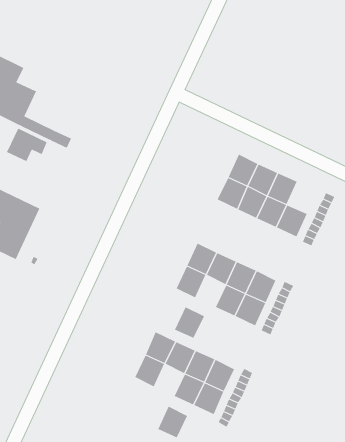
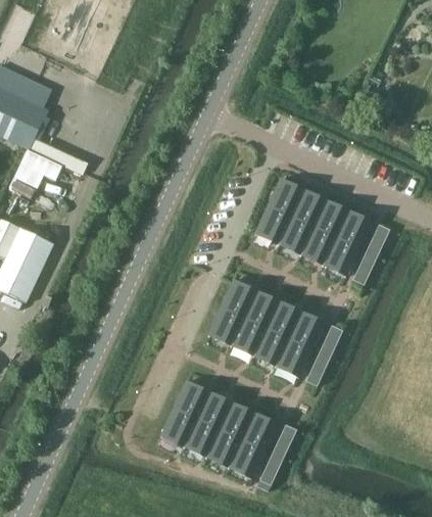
building: none -> [334,212,370,248]
building: [174,306,205,339] -> [230,318,265,355]
building: [157,406,188,438] -> [183,419,218,456]

